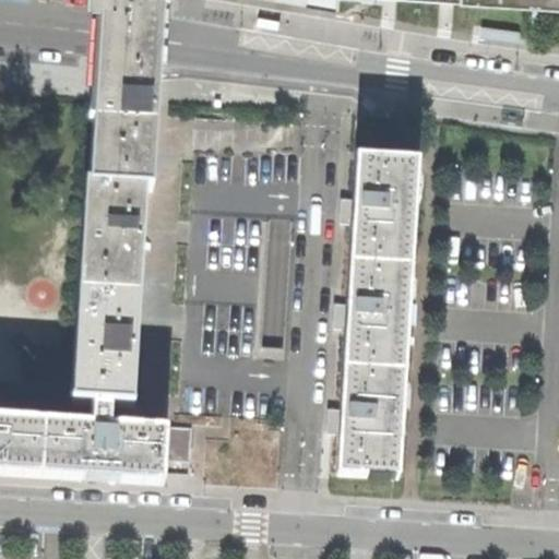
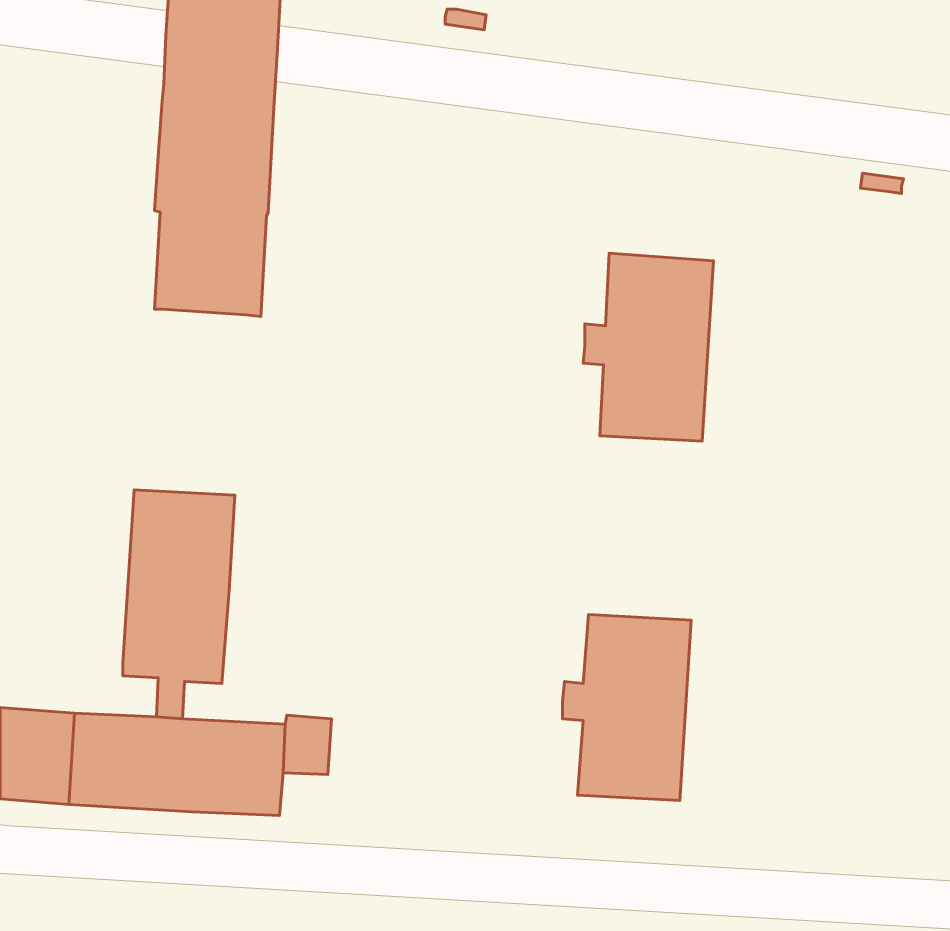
building: [80,181,145,290] -> none
building: [336,255,413,364] -> none

